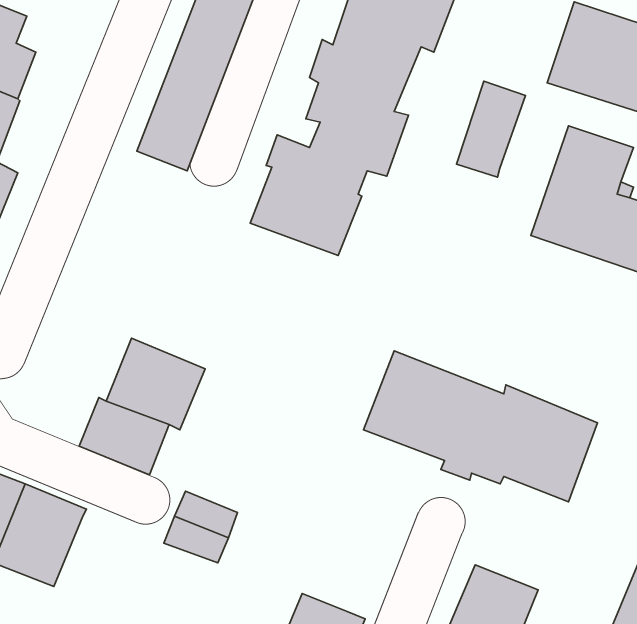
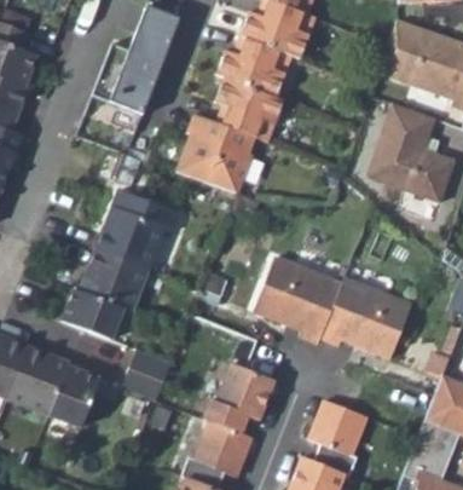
building: [457,81,526,177] -> none
building: none -> [98,189,180,267]
building: none -> [208,363,278,431]
building: none -> [46,367,98,427]

